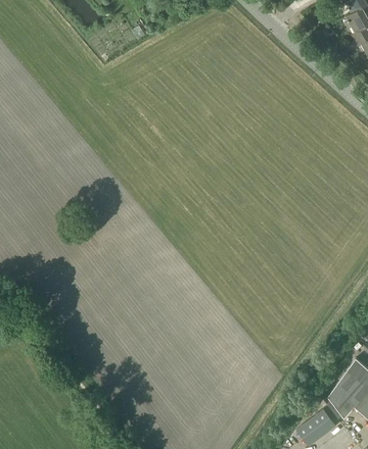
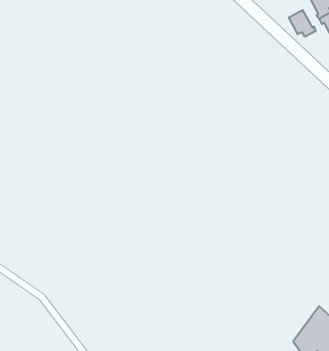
building: none -> [289,10,316,37]

